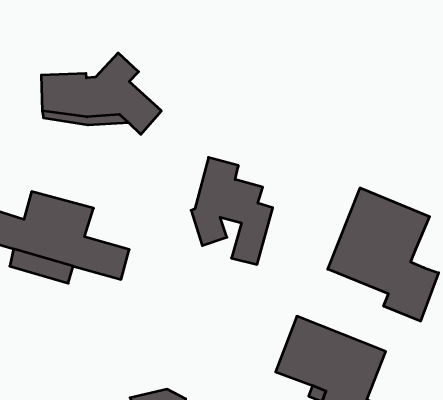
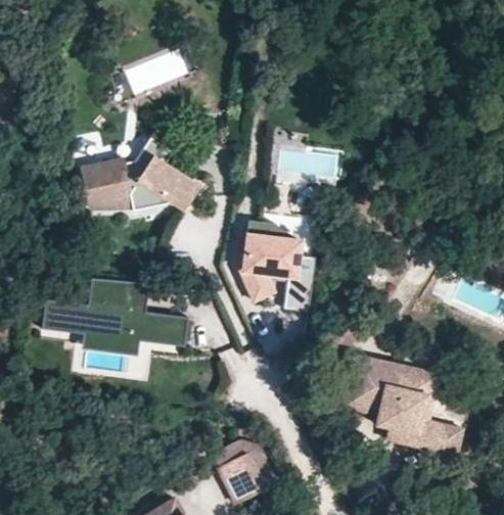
building: [328,188,439,321] -> none

